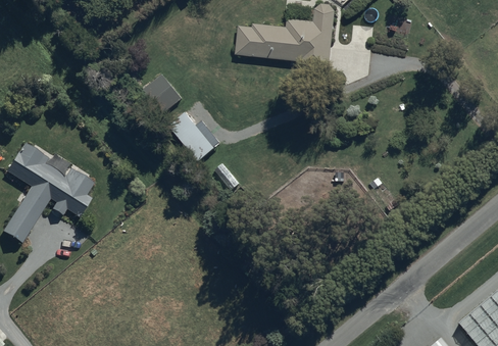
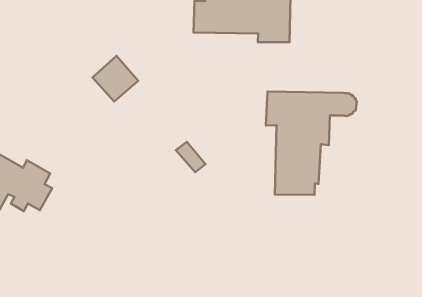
building: [167,110,213,159] -> none
building: none -> [266,91,357,195]

